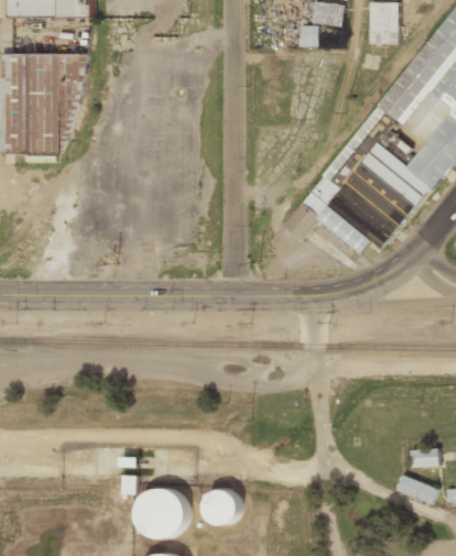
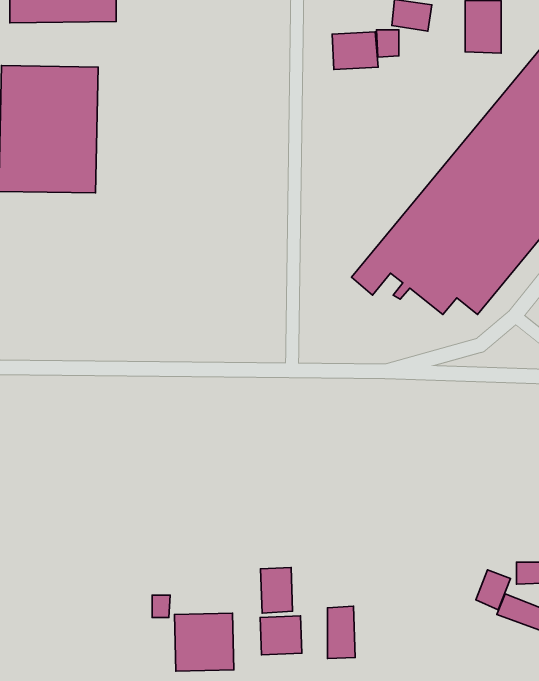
building: none -> [332,32,378,69]
building: none -> [261,568,293,613]
building: none -> [476,570,511,610]
building: none -> [327,606,355,658]

